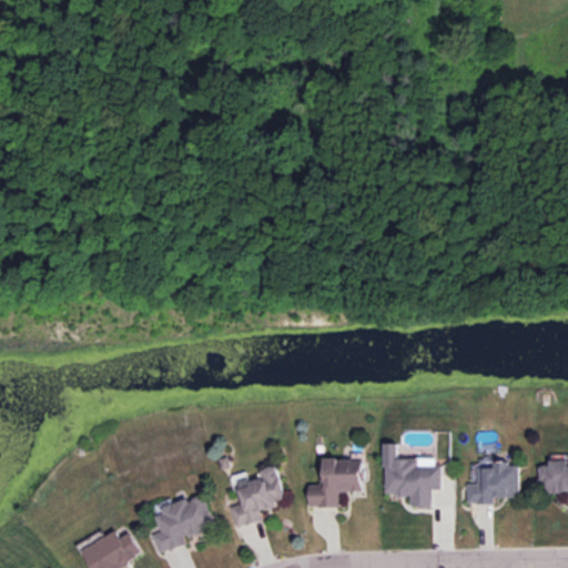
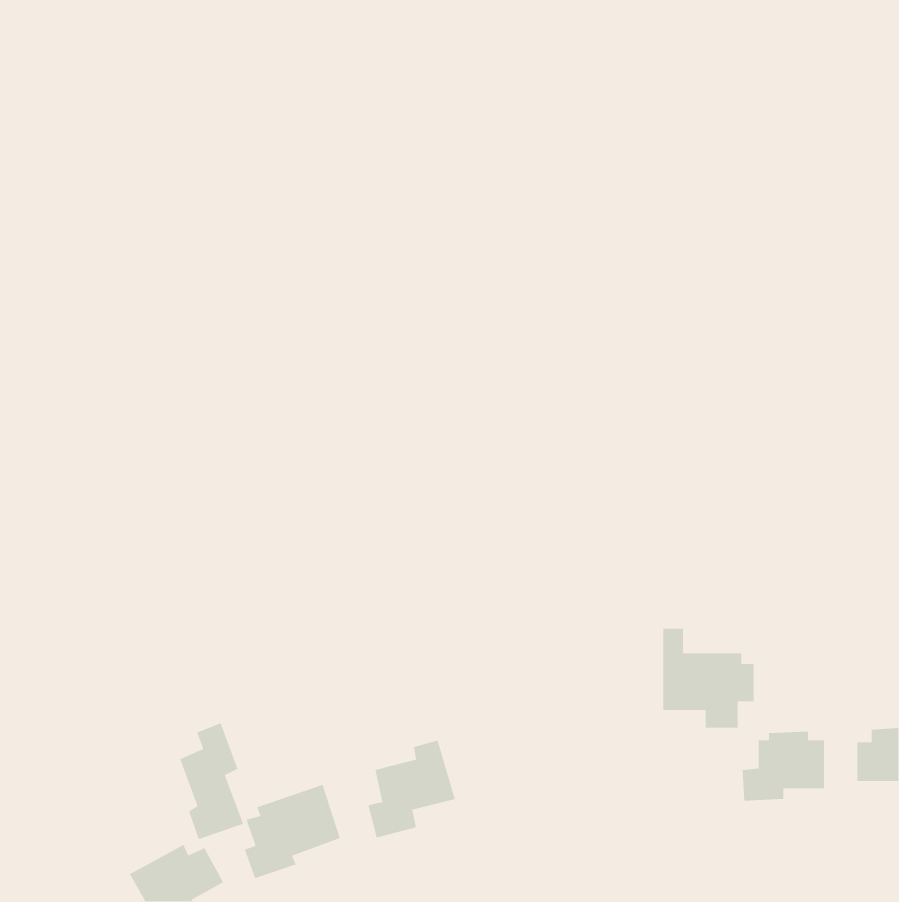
building: [384,443,442,506] -> [663,628,754,728]
building: none -> [179,722,244,840]
building: [308,458,363,507] -> none

